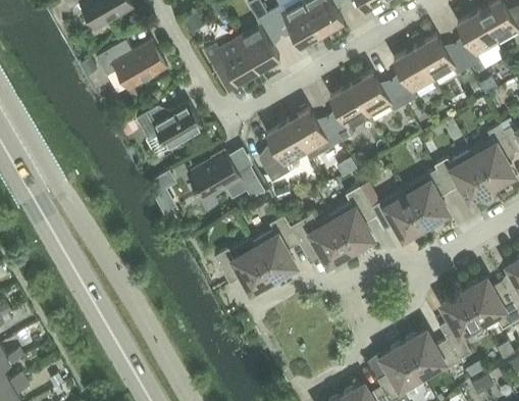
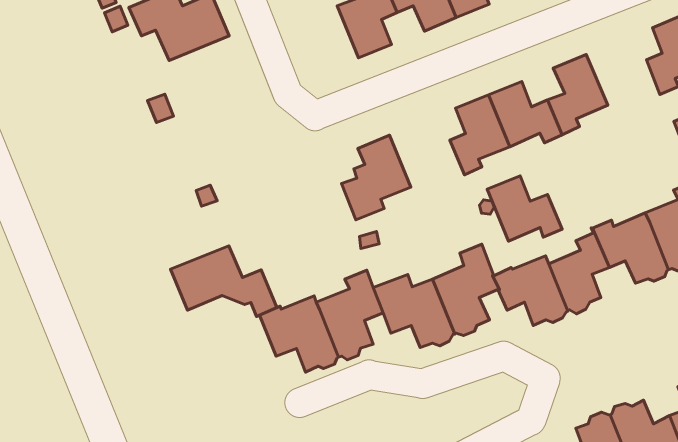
building: [414,36,468,81] -> none
building: [203,38,258,84] -> none
building: [137,104,202,148] -> none
building: [287,109,342,155] -> [487,176,562,241]
building: [188,153,264,201] -> [171,246,277,317]

